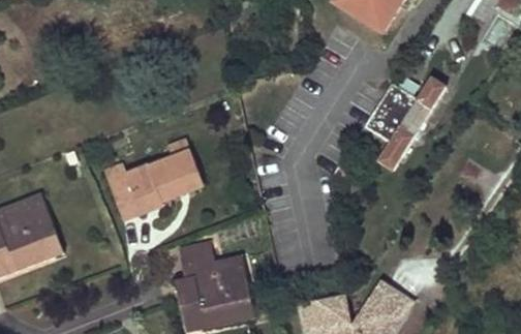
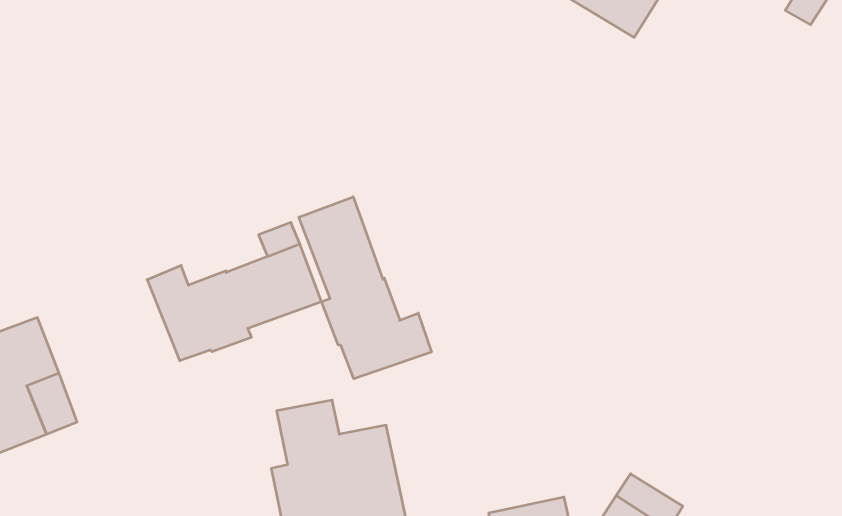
building: [365,78,446,170] -> none
building: none -> [299,197,431,379]

